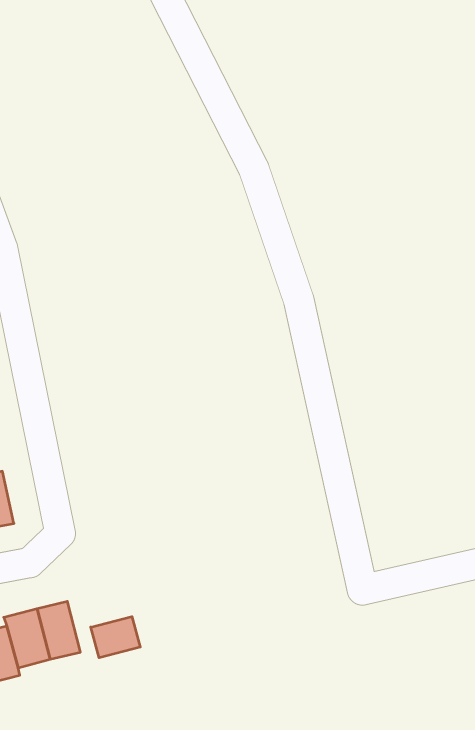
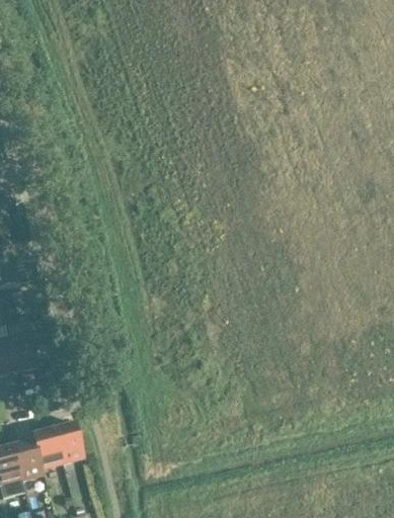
building: [91,617,140,658] -> none

